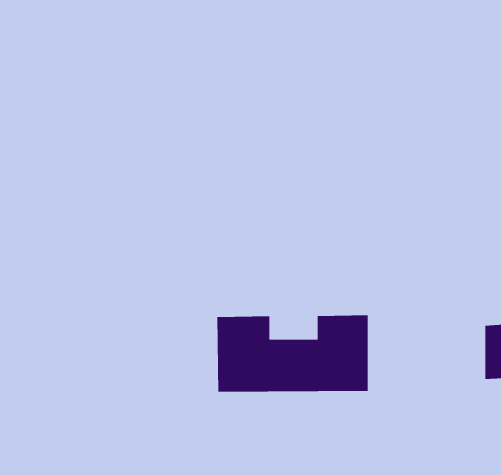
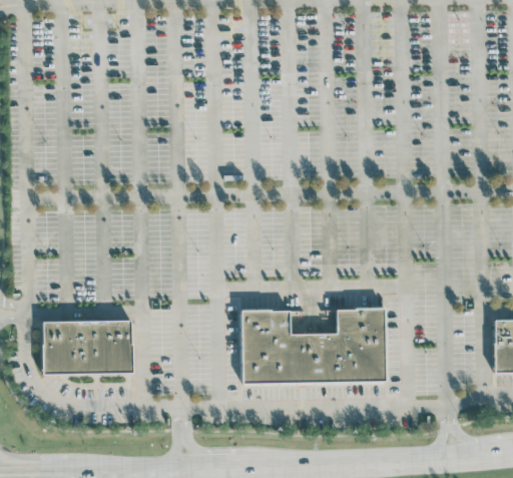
building: none -> [41,319,131,371]

